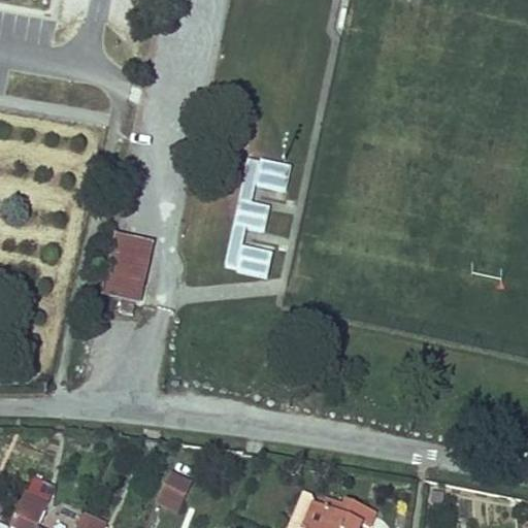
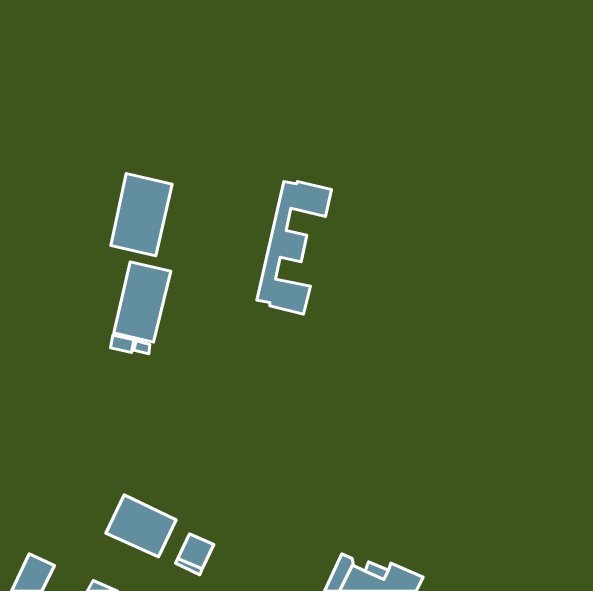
building: none -> [111,174,172,256]
building: none -> [106,495,176,557]

